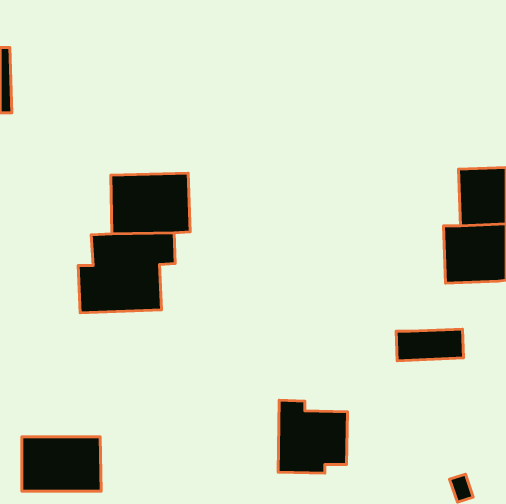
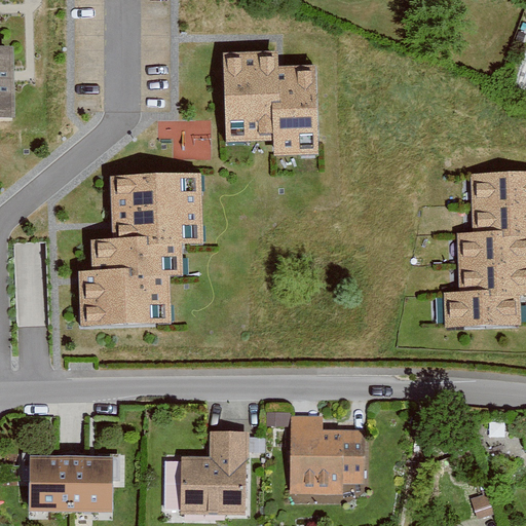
building: none -> [227,55,318,151]
building: [396,329,464,361] -> [448,292,518,325]
building: none -> [175,430,245,512]

